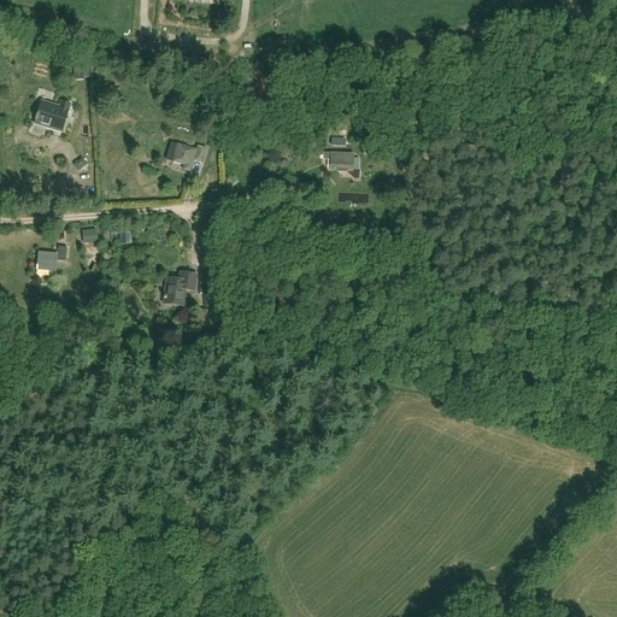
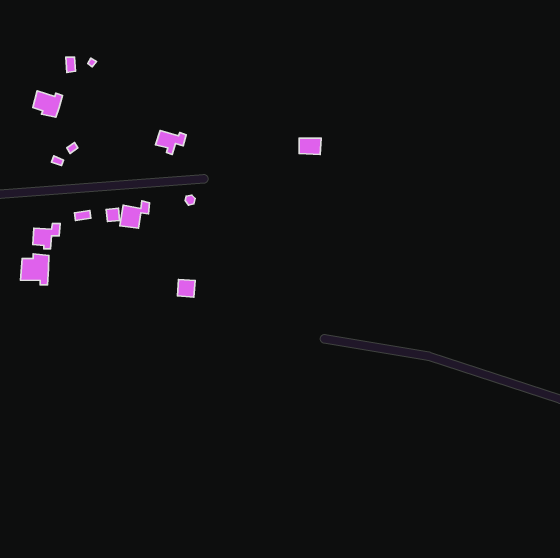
building: [163,272,195,302] -> [120,201,150,228]
building: none -> [21,254,49,285]

